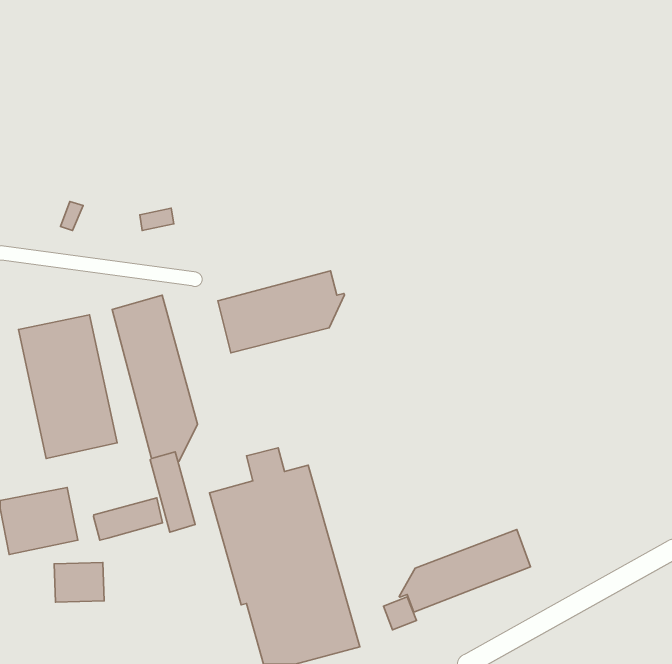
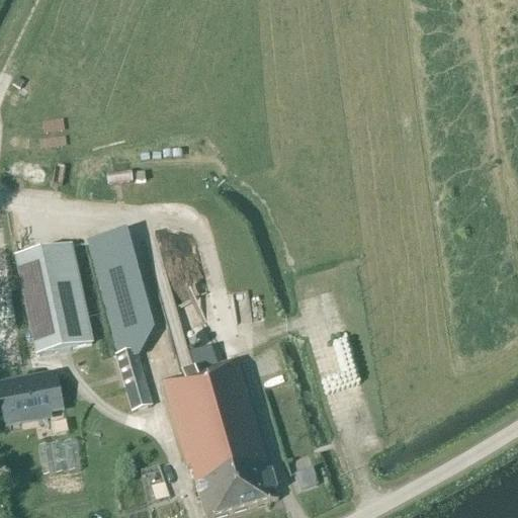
building: [218,271,345,353] -> none
building: [94,498,163,540] -> none
building: [399,529,530,612] -> none

